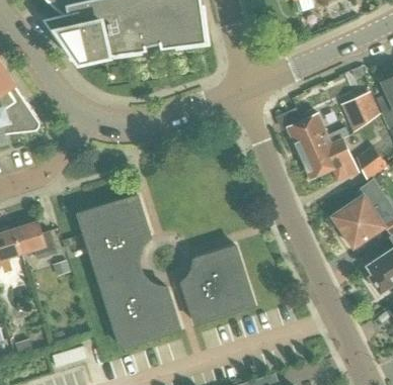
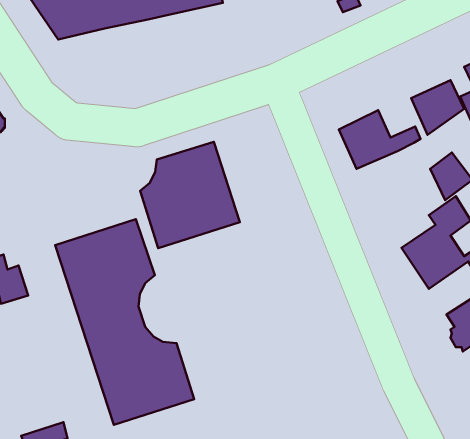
building: [301,138,359,183] -> none
building: [181,246,255,324] -> [140,142,240,248]

